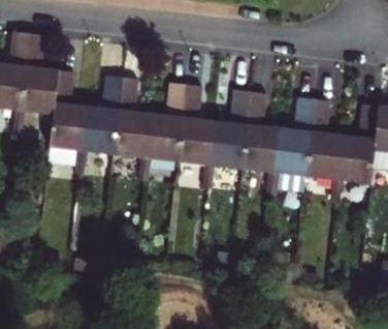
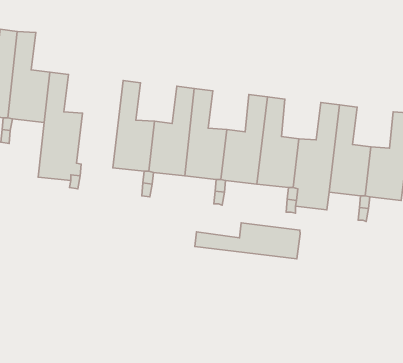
building: [82,74,123,154] -> none
building: none -> [195,223,300,259]

